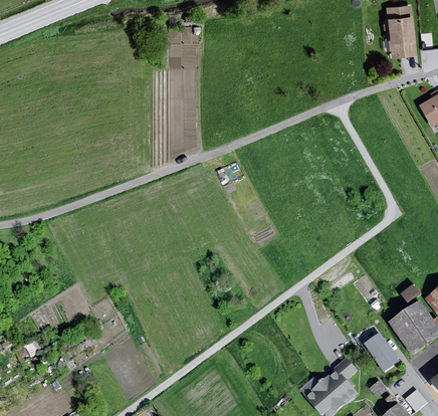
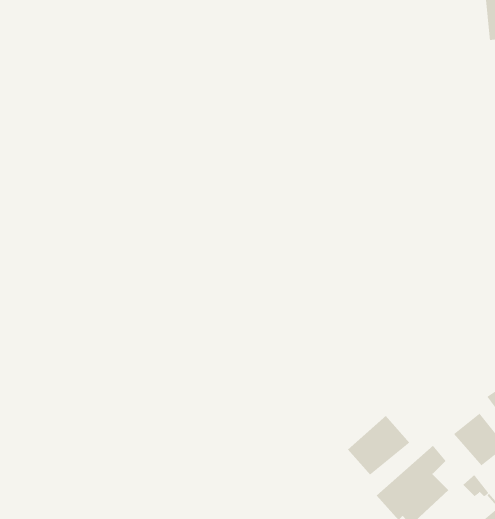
building: none -> [347,415,410,475]

